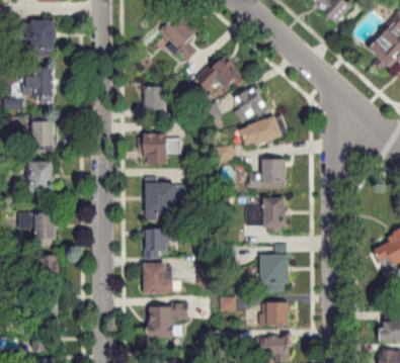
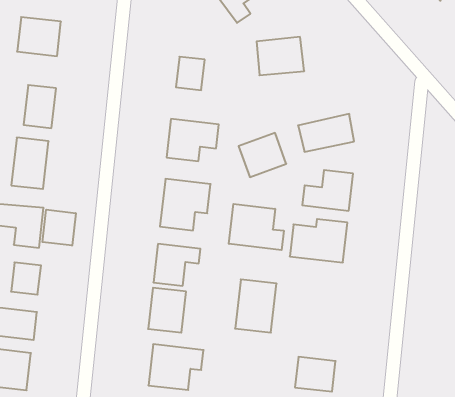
building: [230,86,267,121] -> [239,133,286,177]
building: none -> [229,204,284,250]
building: none -> [42,210,76,246]
building: [260,254,288,291] -> [235,279,277,333]

